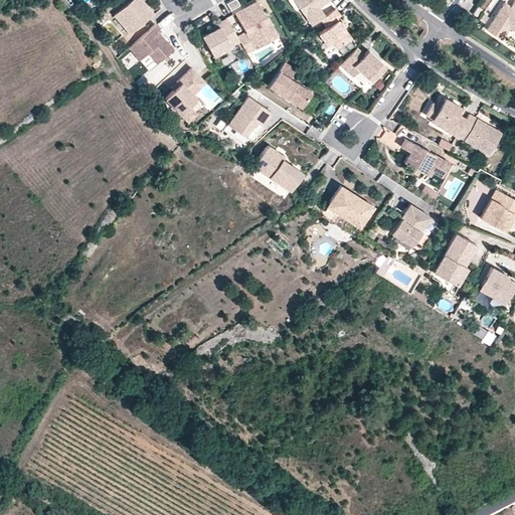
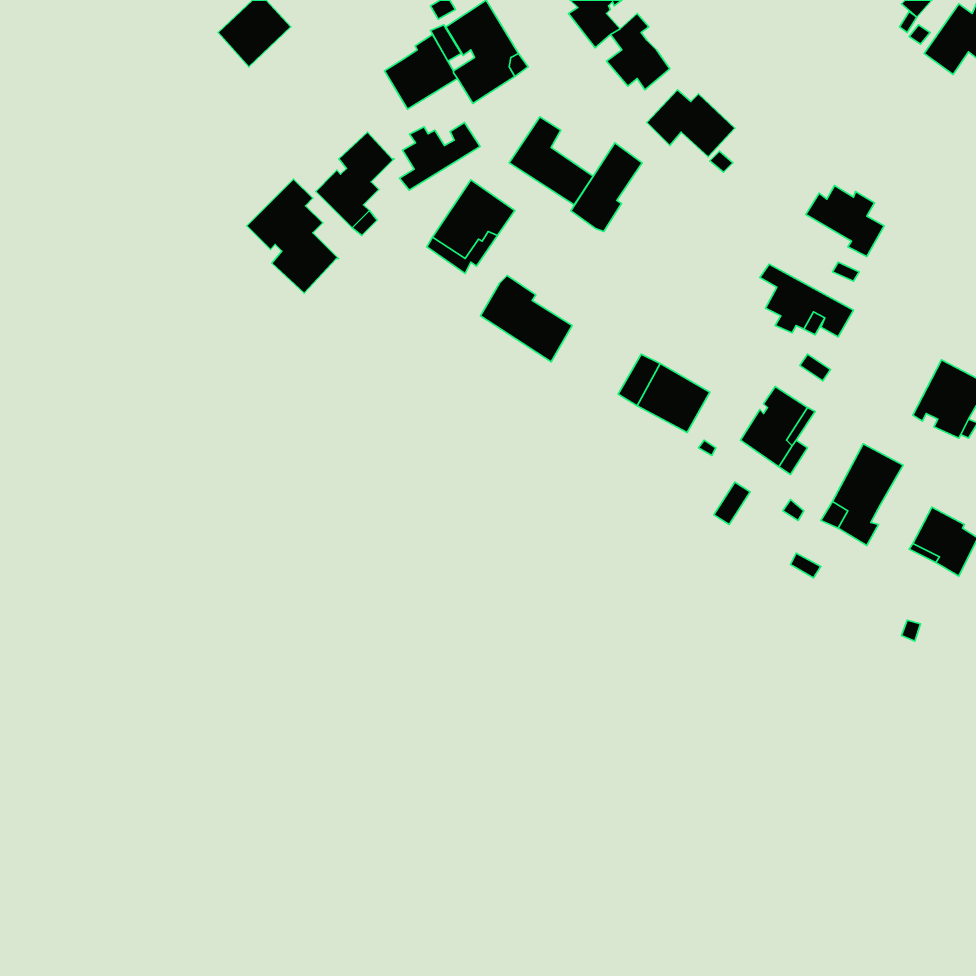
building: [131,27,175,65] -> none
building: none -> [400,122,480,190]
building: none -> [571,143,642,231]
building: none -> [247,179,339,293]
building: [458,114,502,154] -> none

